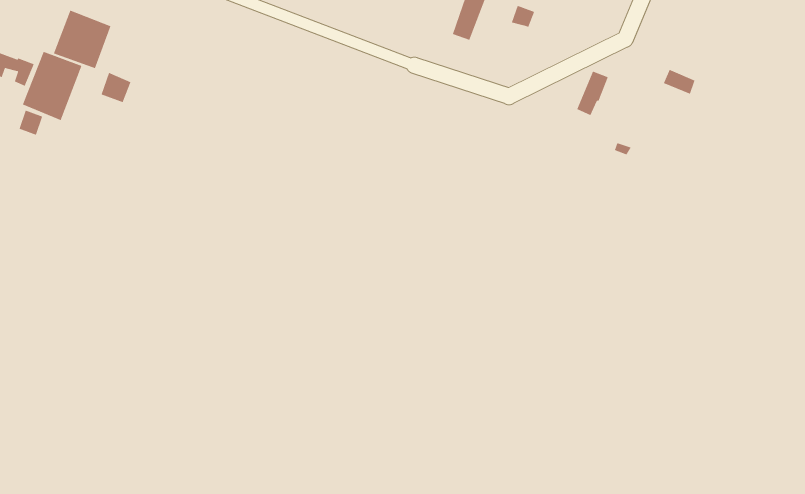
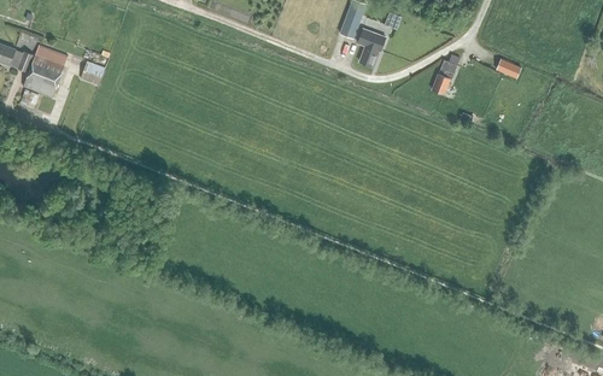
building: [53,10,111,69] -> none
building: none -> [358,28,386,65]

